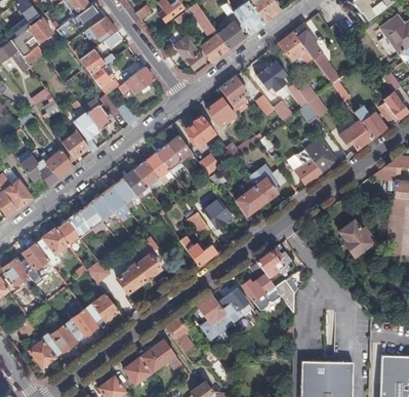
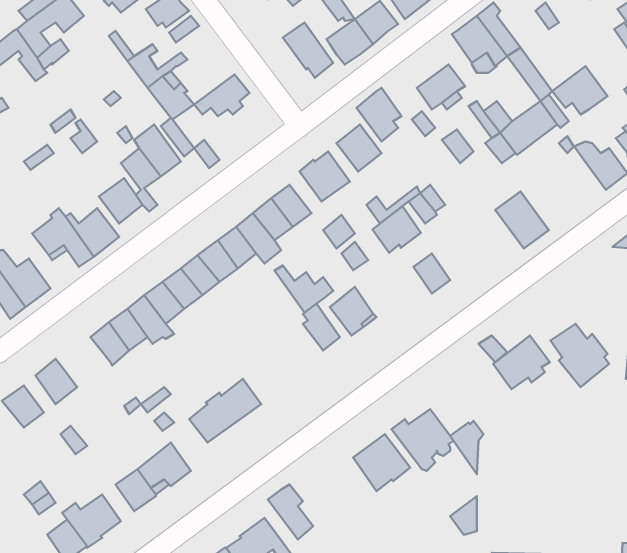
building: [338,120,372,150] -> [552,66,607,115]
building: [294,150,322,187] -> none
building: [236,186,265,214] -> [372,206,421,253]
building: [39,228,69,260] -> none
building: [180,237,216,266] -> [275,266,333,312]
building: [256,244,291,277] -> [493,336,550,389]
building: [196,294,232,340] -> none

